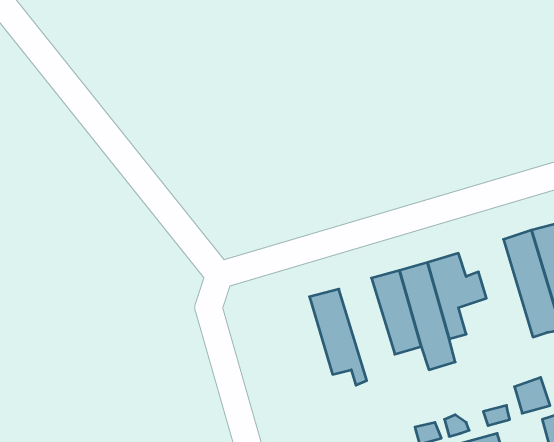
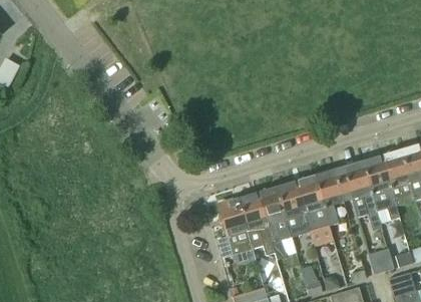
building: none -> [334,162,383,232]
building: none -> [257,187,293,261]
building: none -> [219,199,253,255]

